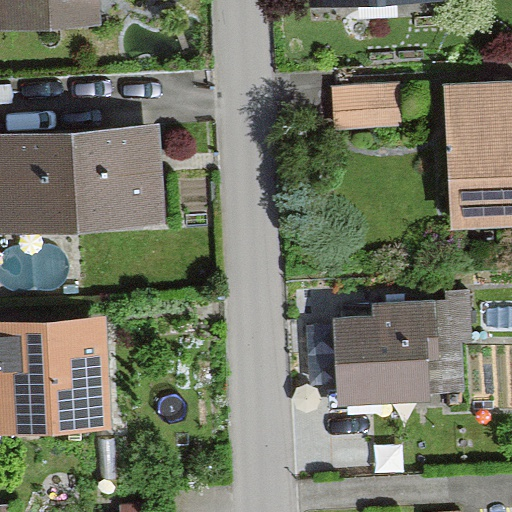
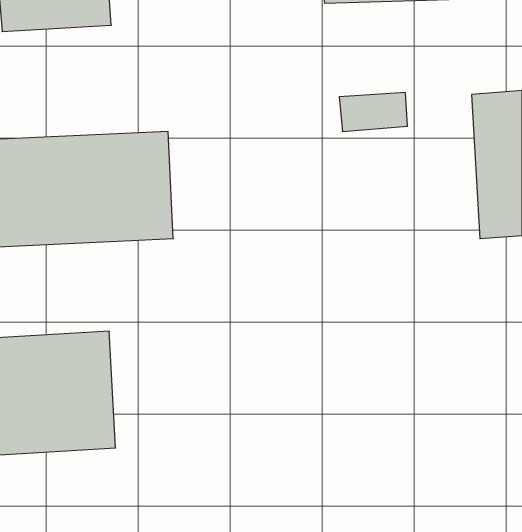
building: [338,300,457,410] -> none

